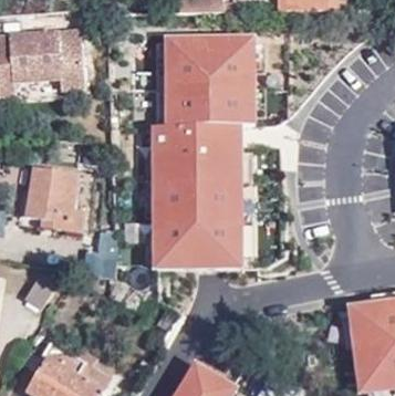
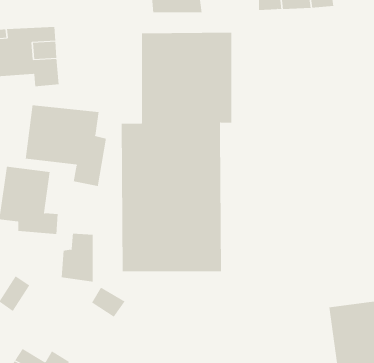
building: none -> [25,104,107,187]

